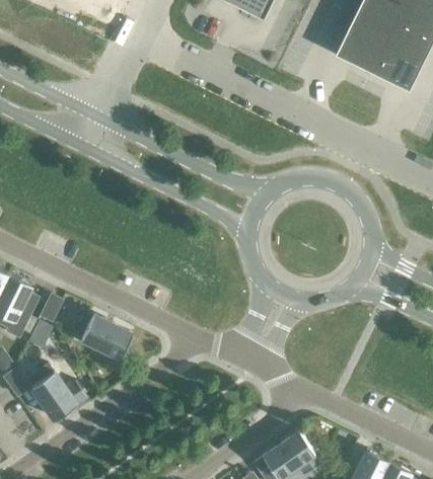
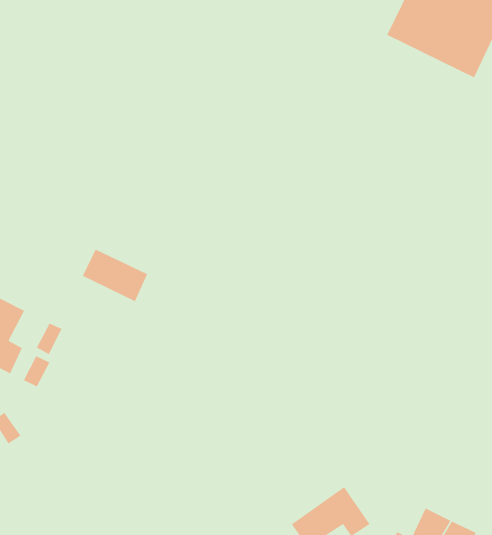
building: [77,312,133,357] -> [82,248,148,303]
building: [26,364,86,419] -> none

